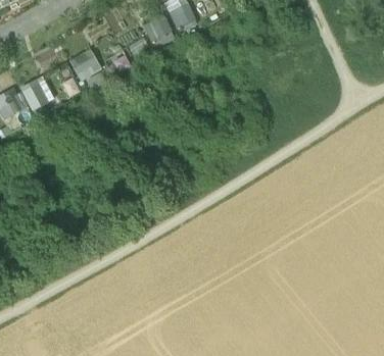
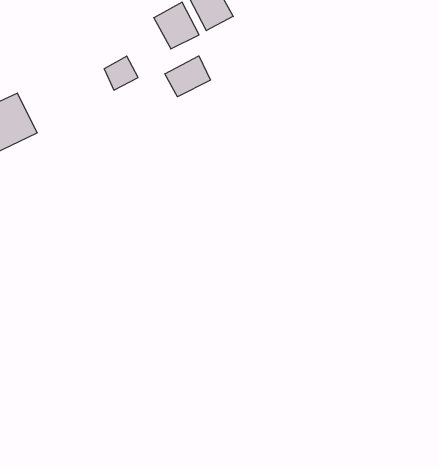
building: [68,49,100,79] -> none
building: none -> [165,56,211,97]

